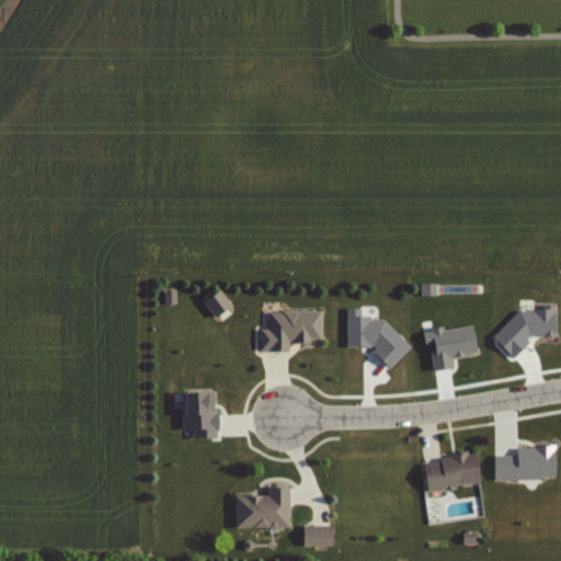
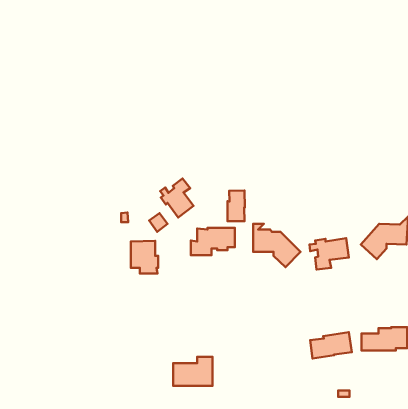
building: none -> [160,178,193,218]
building: none -> [227,191,245,221]
building: [182,393,219,438] -> [131,241,158,274]
building: [302,527,331,545] -> none

